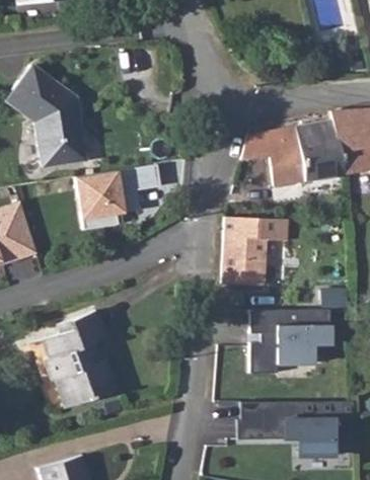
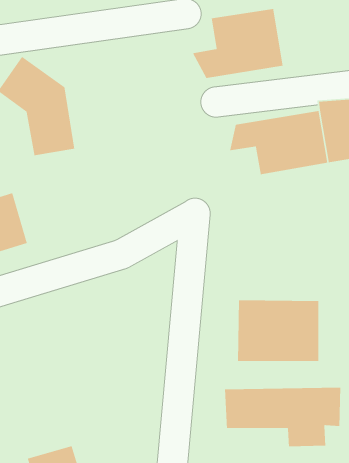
building: none -> [192,8,283,79]
building: [74,165,161,230] -> none
building: [221,217,289,286] -> none
building: [41,311,115,407] -> none

